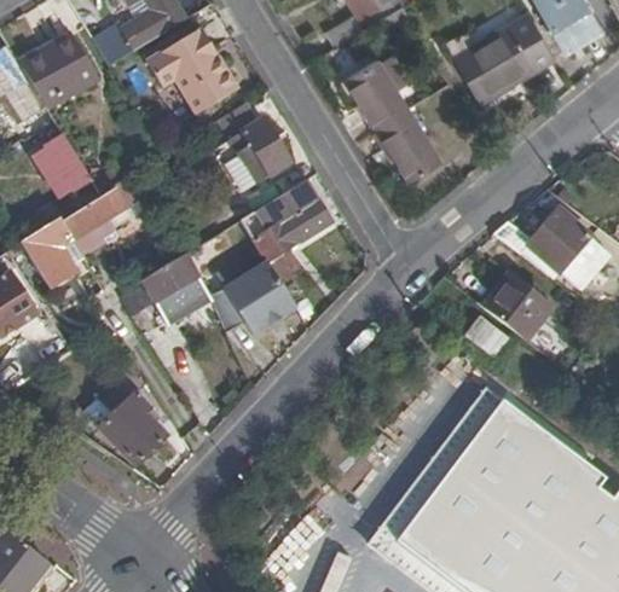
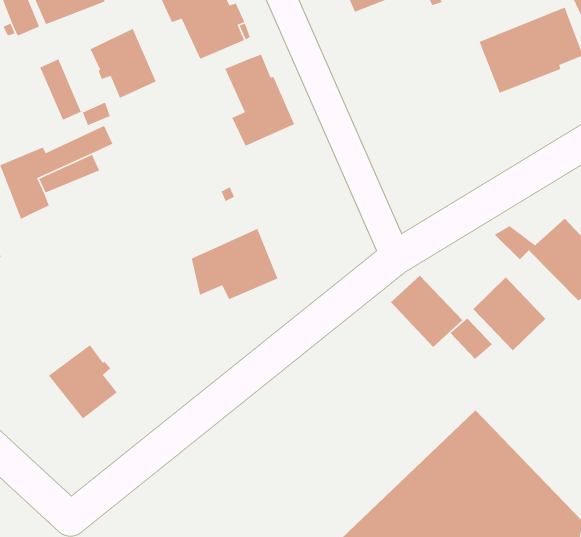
building: [341,58,439,180] -> none
building: none -> [89,28,157,99]
building: [244,178,330,257] -> none
building: [135,251,207,317] -> none
building: none -> [390,275,463,348]

